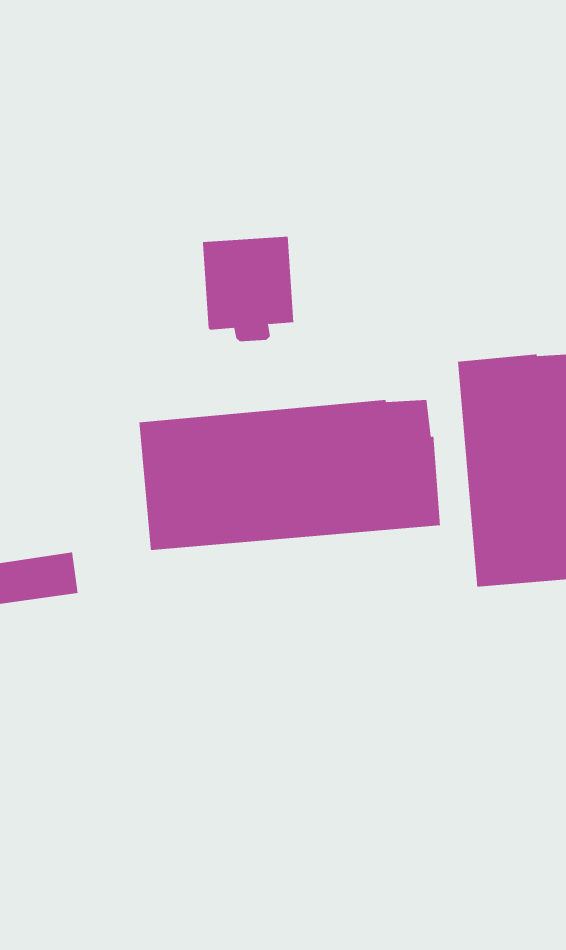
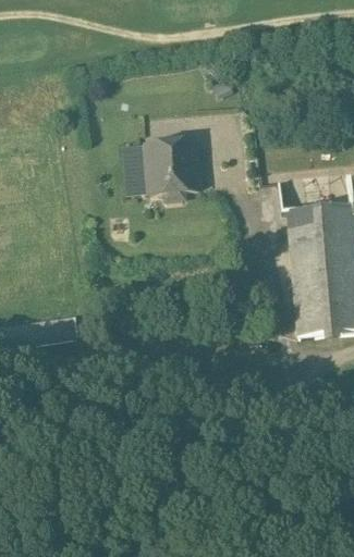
building: none -> [126,145,151,194]
building: [139,399,440,551] -> none

